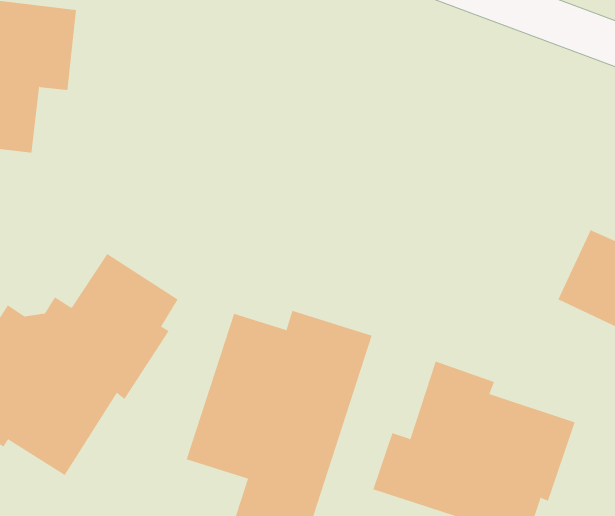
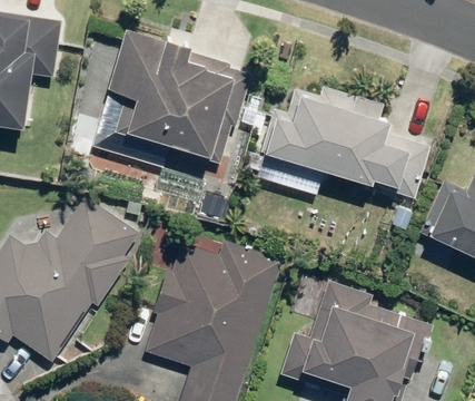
building: none -> [107,22,253,164]
building: none -> [258,87,429,197]

